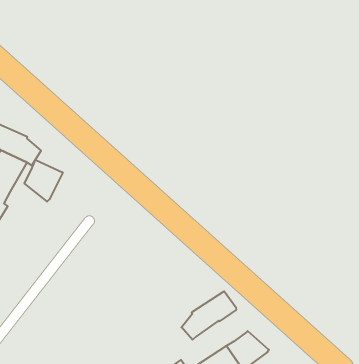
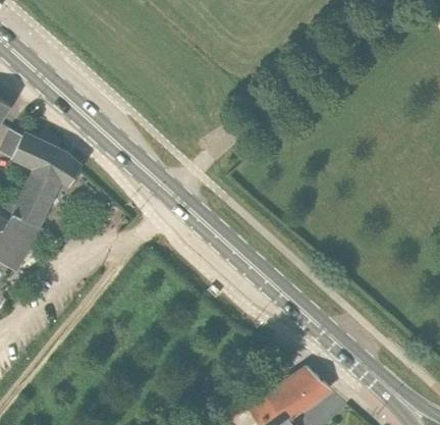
building: [24,160,63,202] -> none
building: [181,291,236,340] -> none

